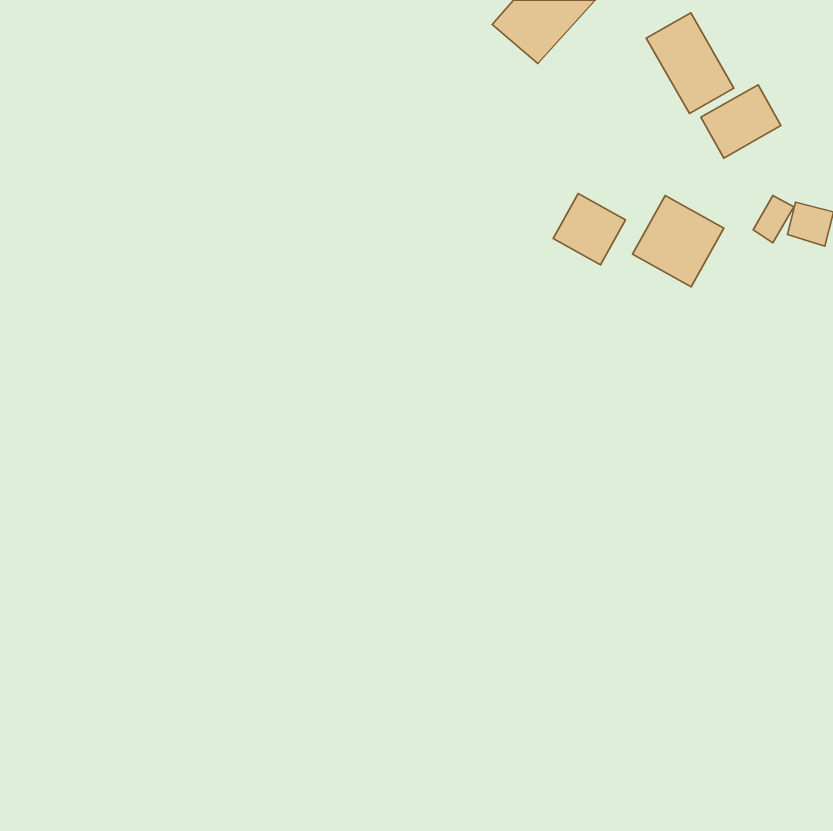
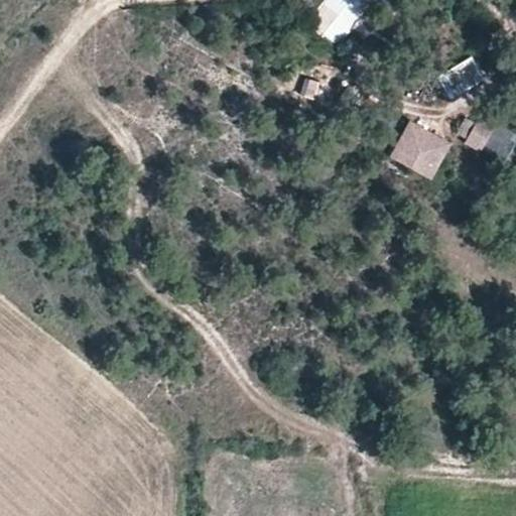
building: [646,13,734,114] -> none
building: [553,194,625,265] -> none

